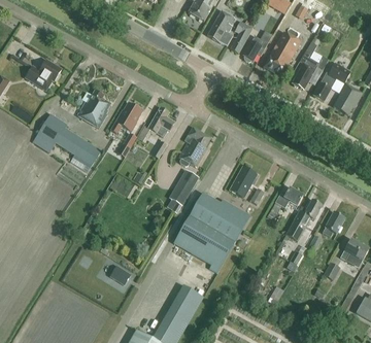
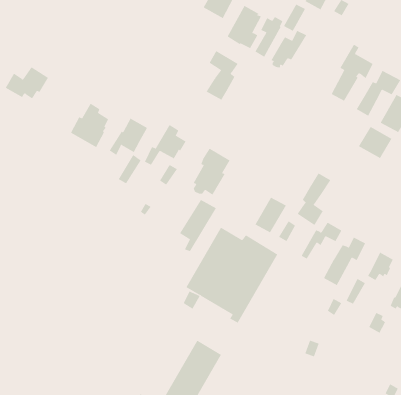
building: [265,32,301,76] -> none
building: none -> [206,50,239,100]
building: none -> [358,126,392,159]
building: [38,115,101,165] -> none
building: none -> [297,172,331,226]

